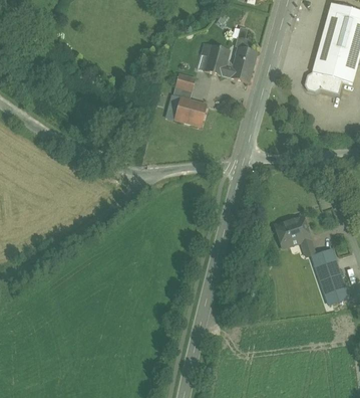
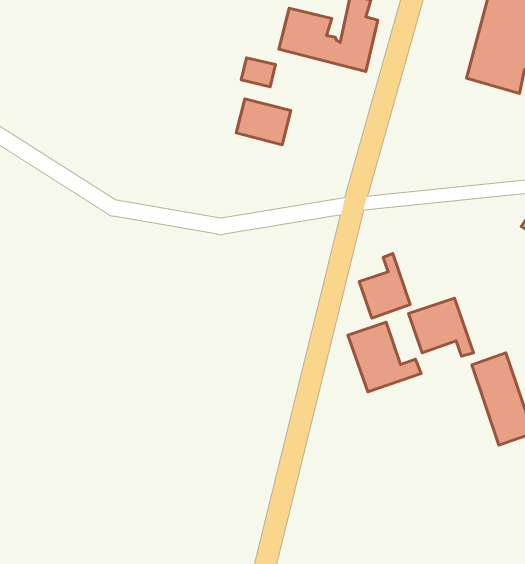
building: none -> [359,254,410,318]
building: none -> [348,322,421,392]

